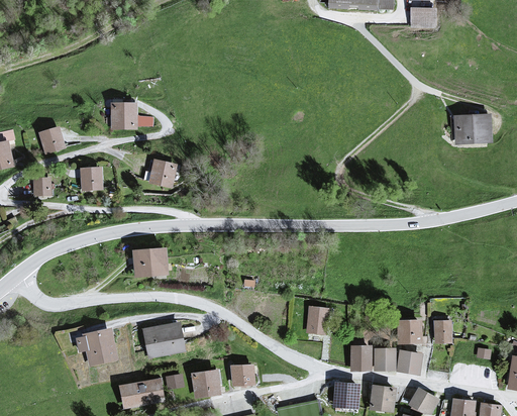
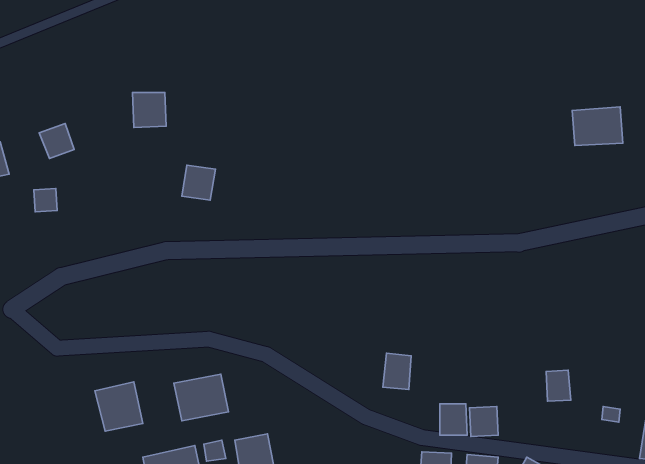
building: [80,168,103,192] -> none
building: [131,248,169,278] -> none
building: [397,319,421,344] -> none
building: [397,350,422,375] -> none
building: [229,365,254,387] -> none

